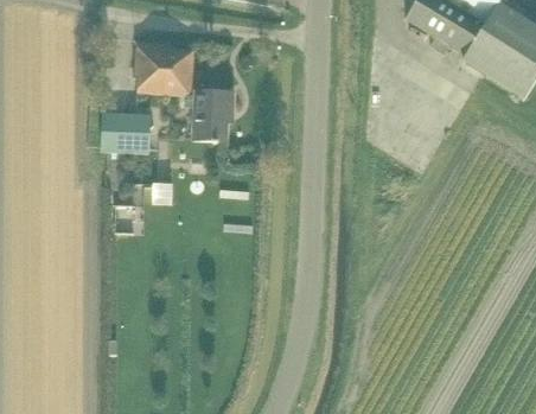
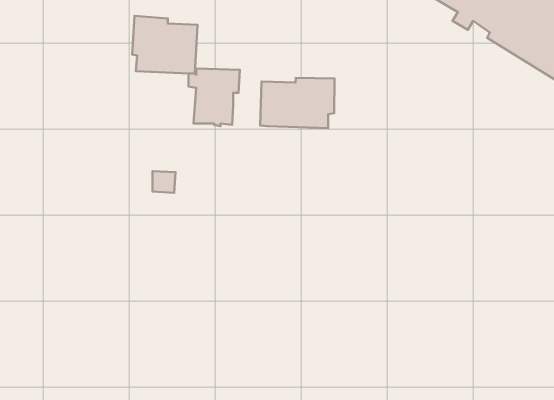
building: none -> [260,78,335,128]
building: [101,110,152,152] -> none

